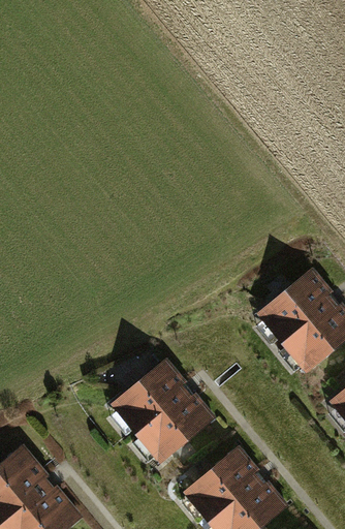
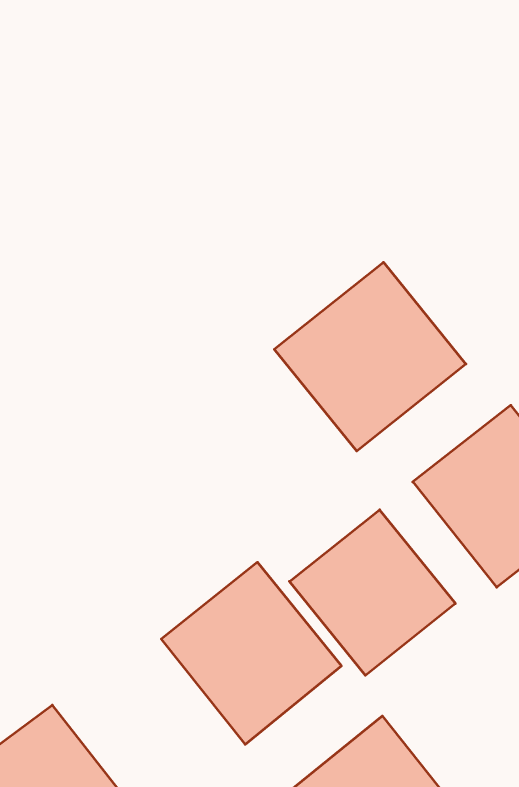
building: none -> [274,262,466,451]
building: none -> [289,510,455,675]

